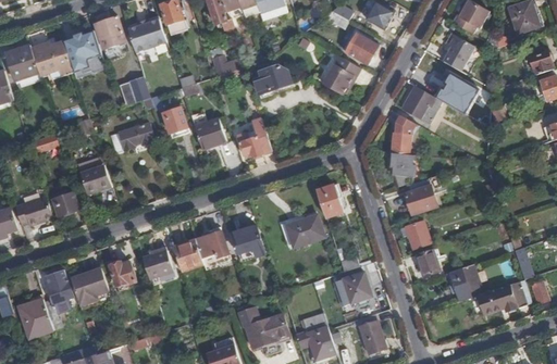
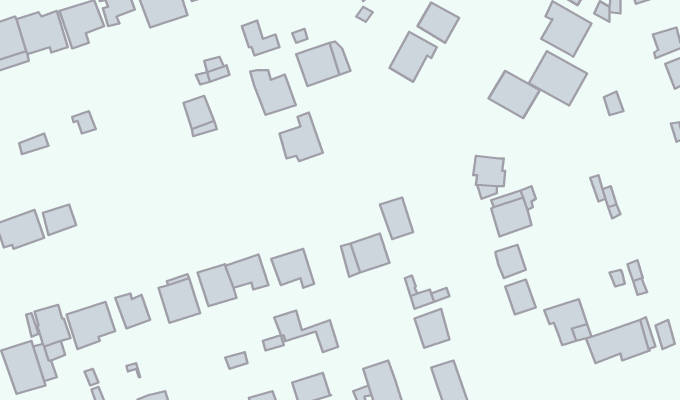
building: [120,76,150,104] -> none
building: [189,112,225,147] -> [250,70,296,115]
building: [391,115,414,154] -> none
building: [111,127,147,151] -> none
building: [78,154,111,192] -> none
building: [238,305,288,338] -> [274,311,338,352]

